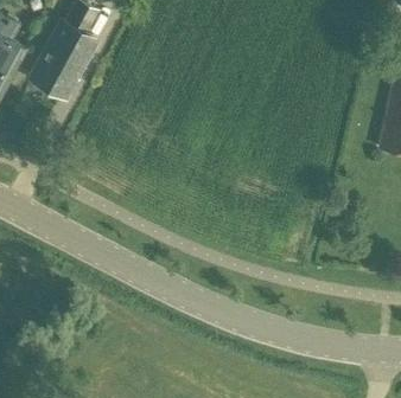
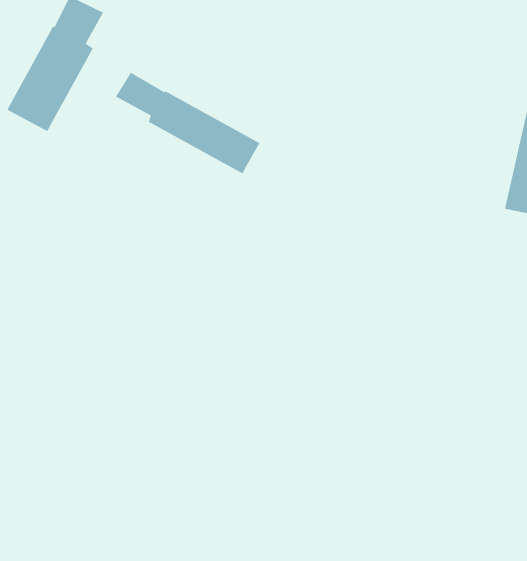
building: none -> [115,72,260,174]

